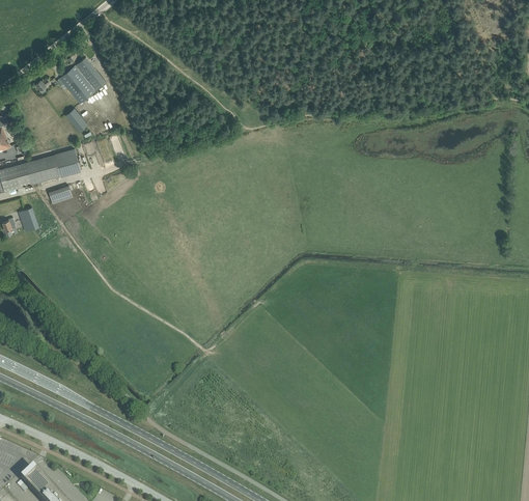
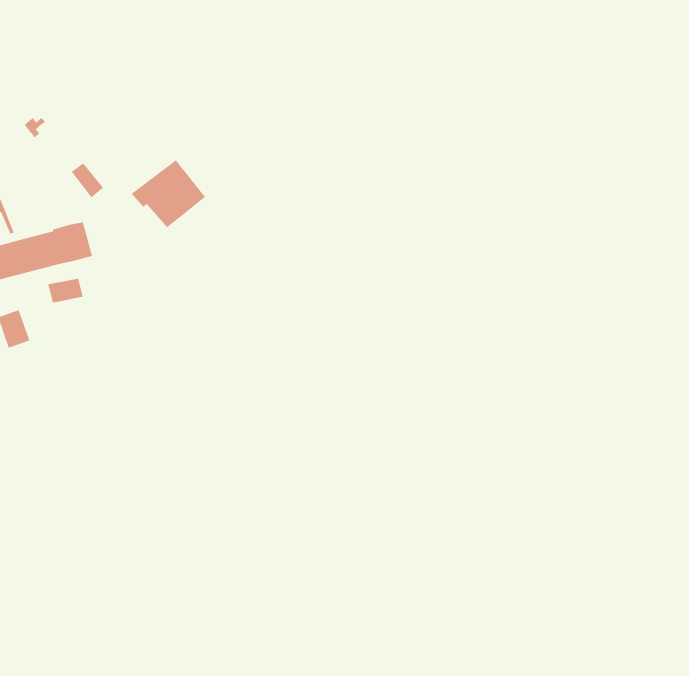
building: [56,57,106,103] -> [131,159,206,228]

